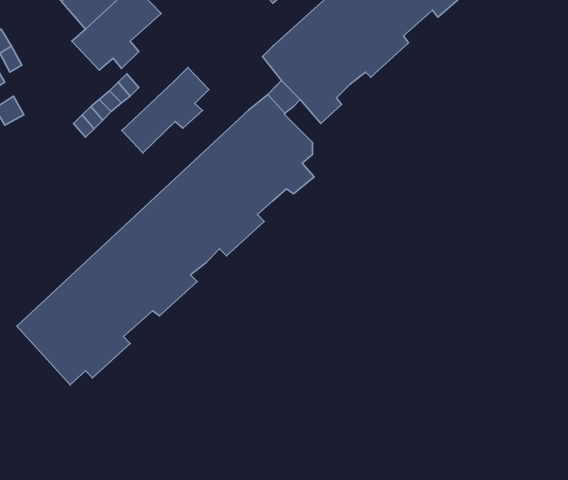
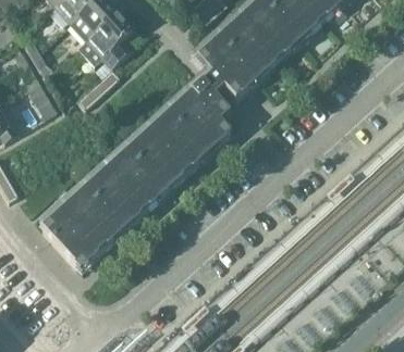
building: [122,67,209,153] -> none

